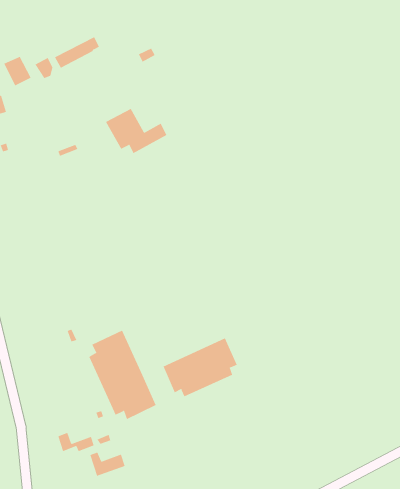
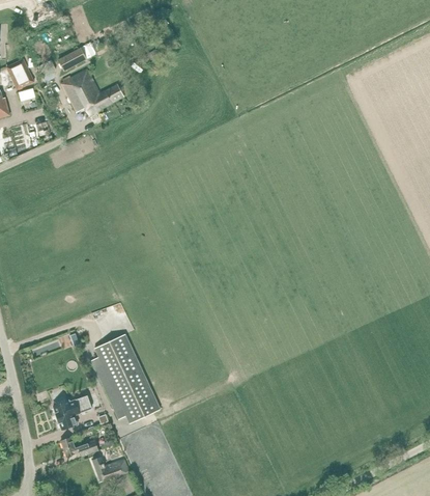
building: [105,108,167,154] -> [61,70,123,115]
building: [163,338,237,397] -> none
building: none -> [53,395,91,430]

